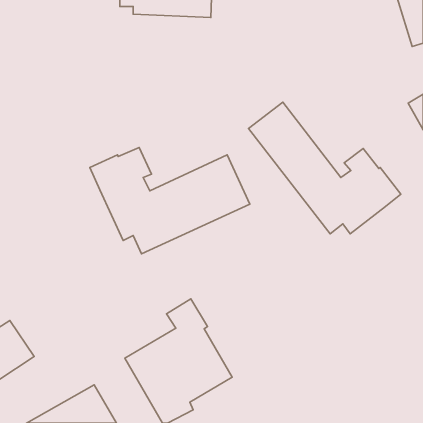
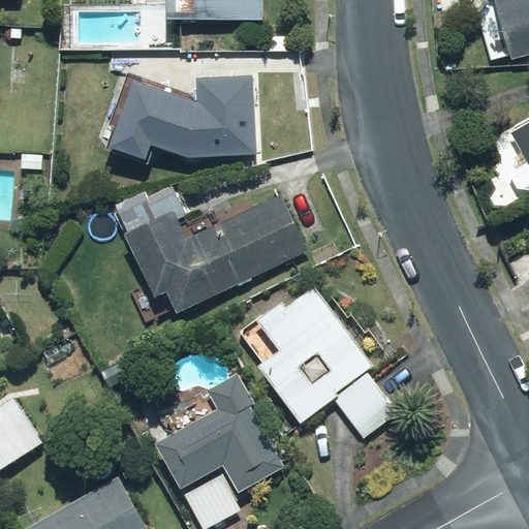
building: none -> [111,76,253,162]
building: [249,102,401,234] -> none
building: none -> [254,286,399,439]

